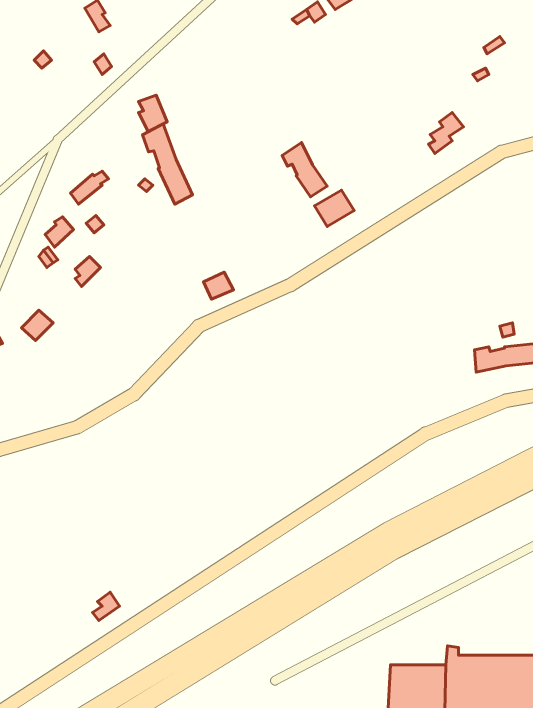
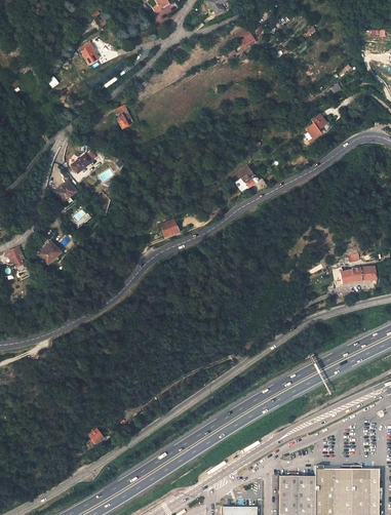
building: [143,124,193,204] -> none
building: [282,142,327,197] -> none

